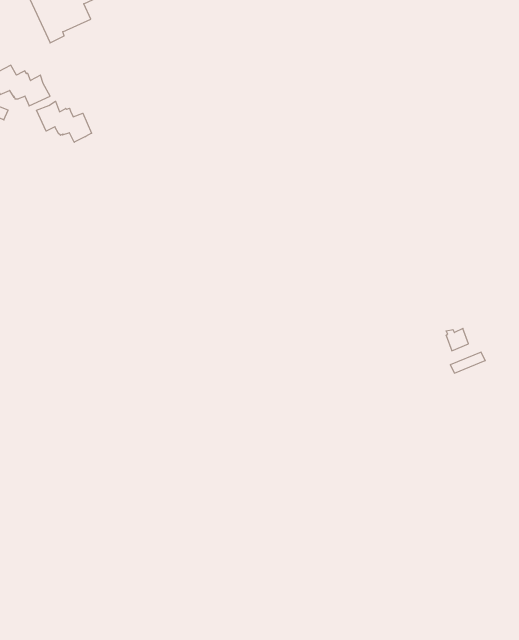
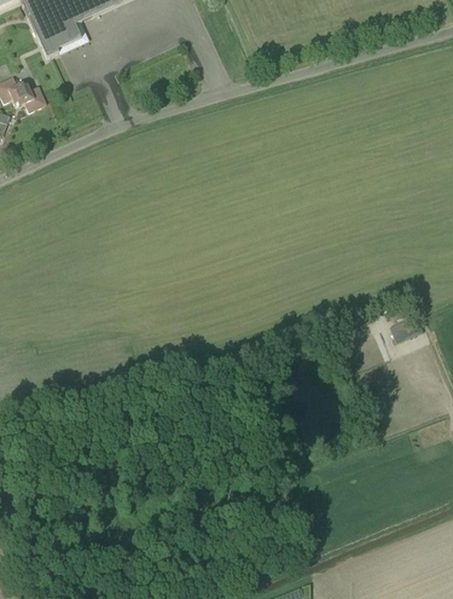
building: [36,101,92,142] -> none

